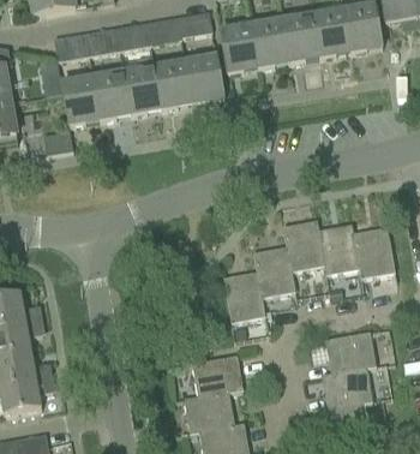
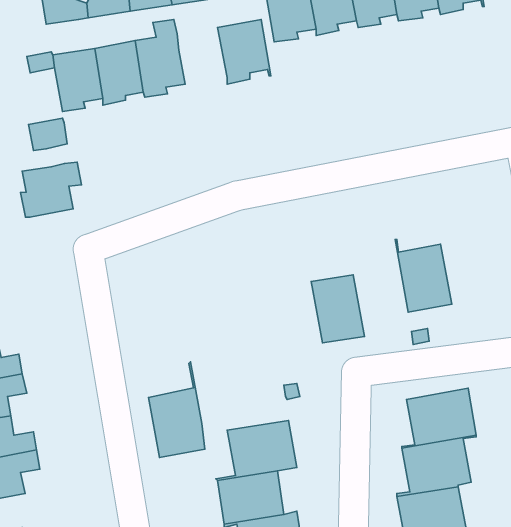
building: [155,62,192,109] -> none
building: none -> [21,162,81,217]
building: [283,220,326,292] -> none
building: [350,222,396,277] -> none
building: [223,251,265,322] -> [148,362,205,457]

